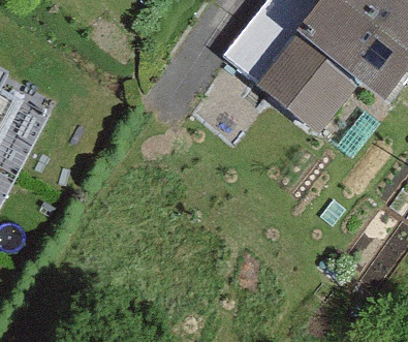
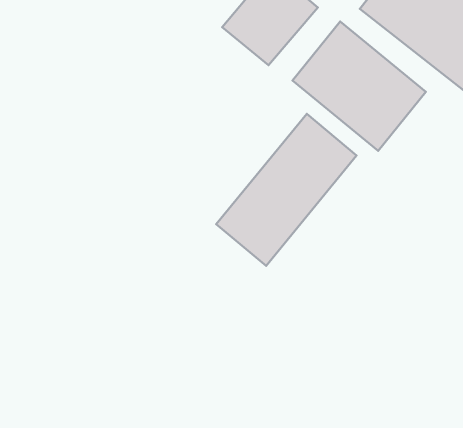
building: none -> [216,114,357,266]

